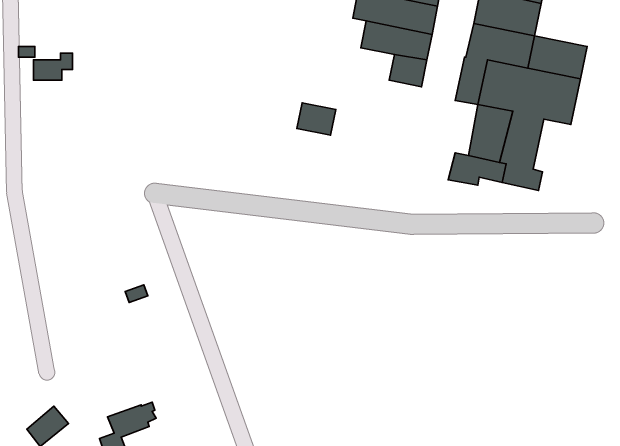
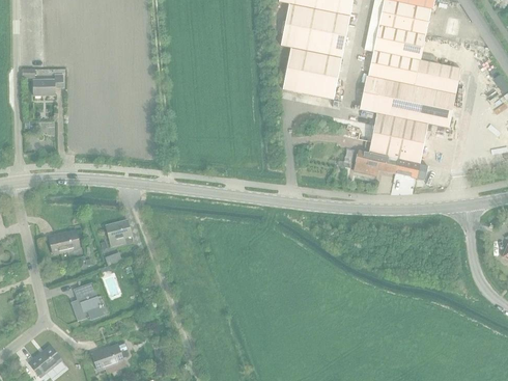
building: [297,103,336,135] -> [282,69,312,93]
building: none -> [106,221,131,246]
building: none -> [49,229,80,253]
building: none -> [70,281,104,320]

